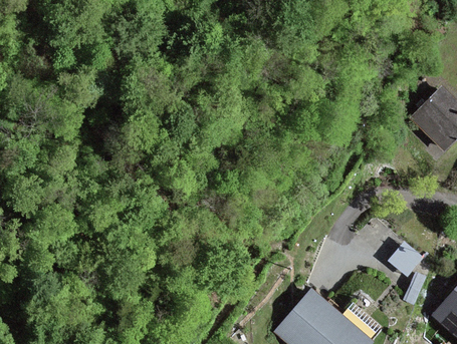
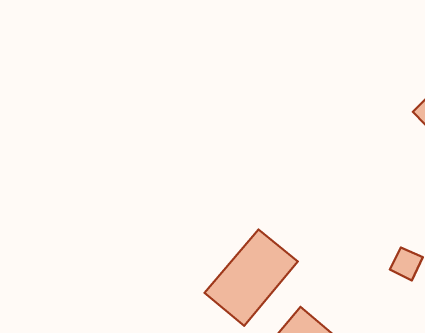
building: none -> [205,229,298,326]

